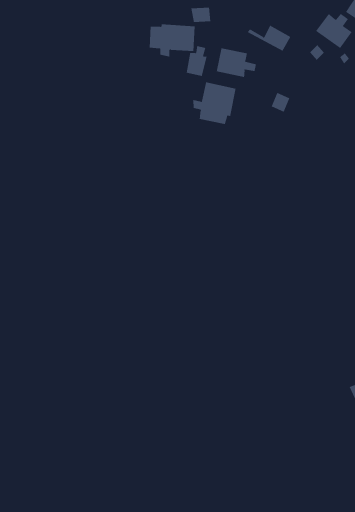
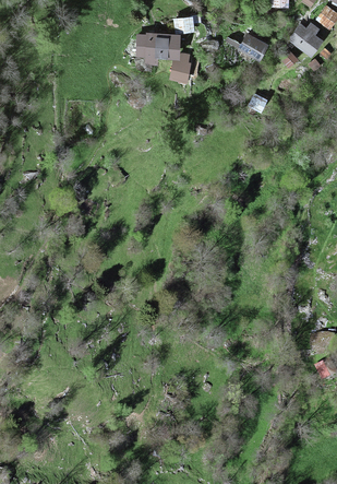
building: [216,47,257,78] -> none
building: [193,82,236,125] -> none

